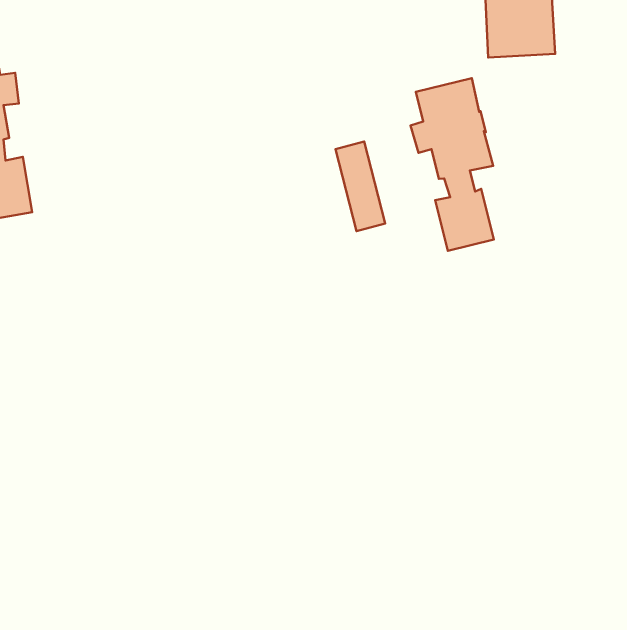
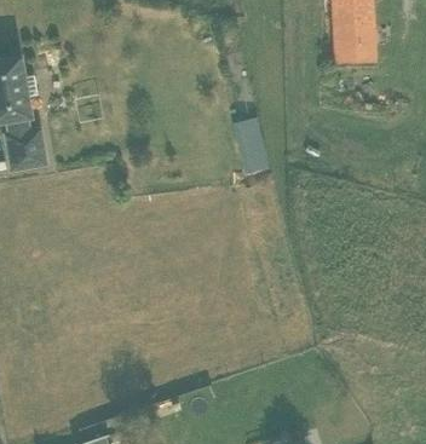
building: [410,78,494,251] -> none

